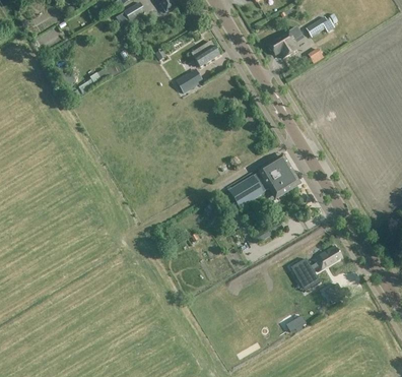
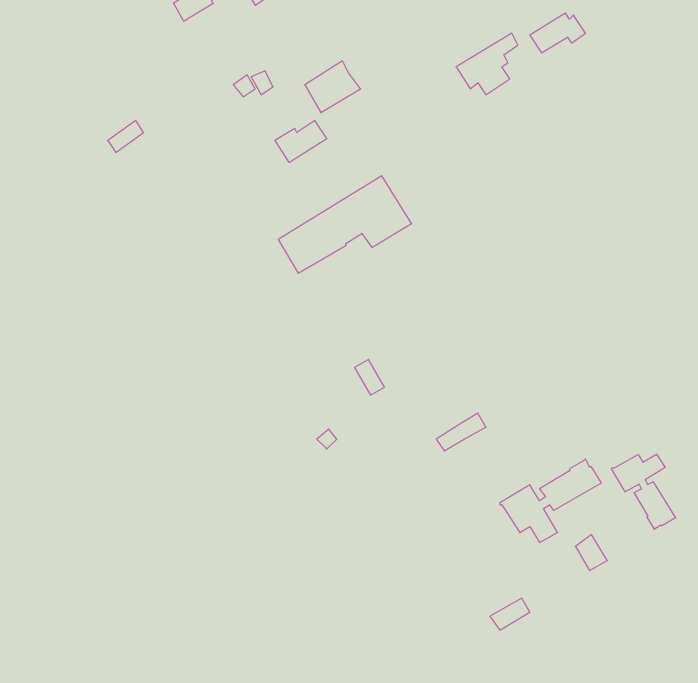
building: [229,158,297,207] -> [278,176,412,273]
building: none -> [611,454,676,530]

